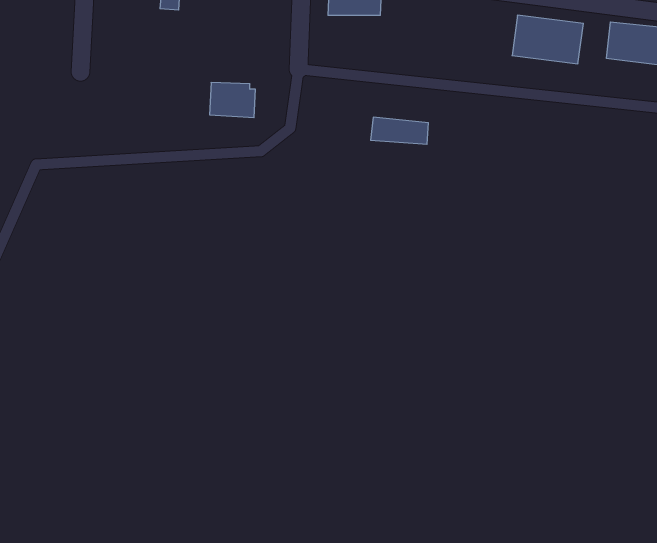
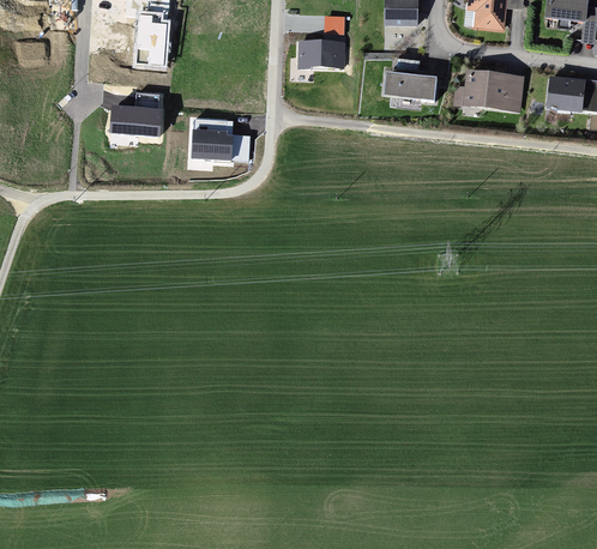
building: none -> [110,103,163,135]
building: [371,117,428,144] -> [381,73,433,97]

